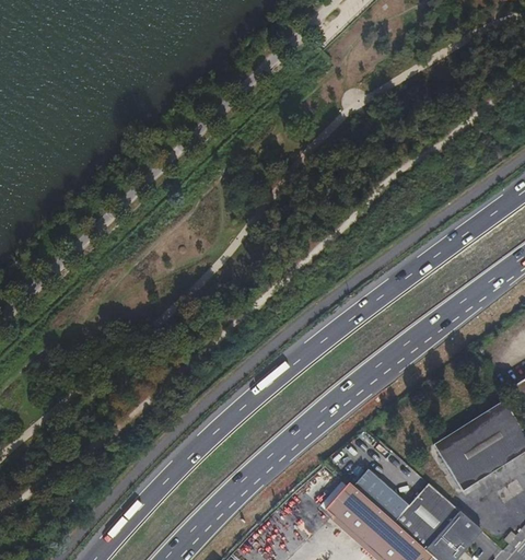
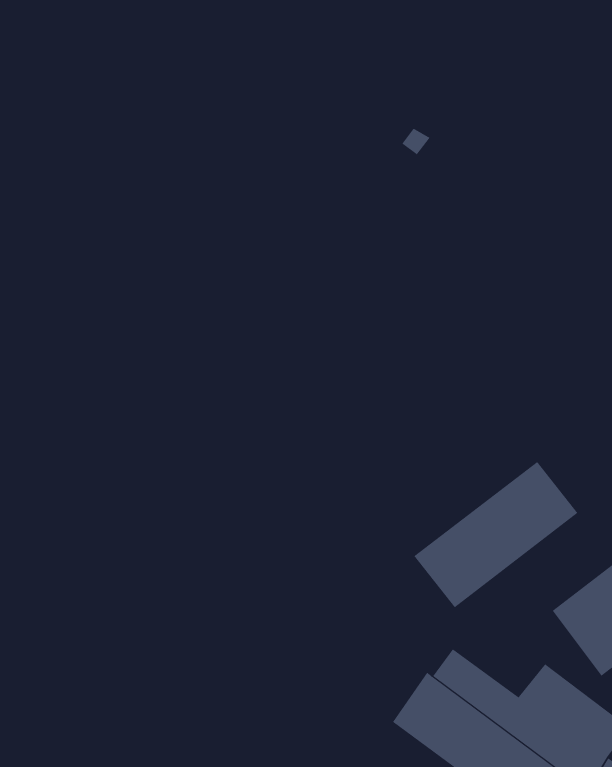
building: none -> [413,461,578,608]

